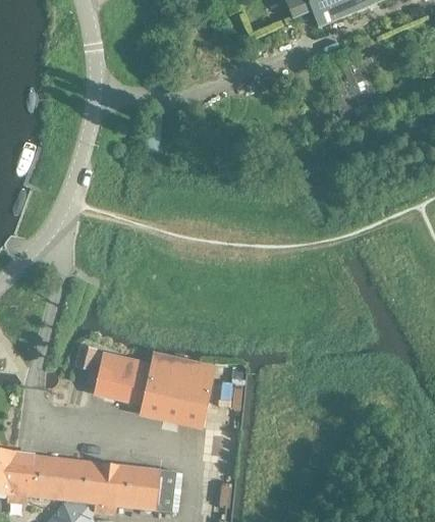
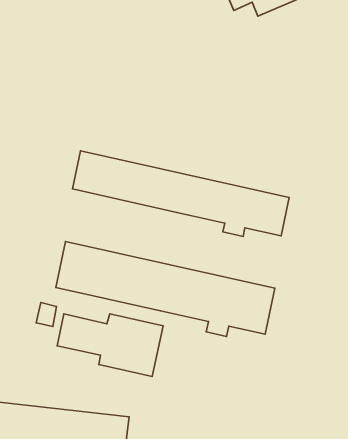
building: none -> [72,151,289,236]
building: none -> [56,241,275,336]

